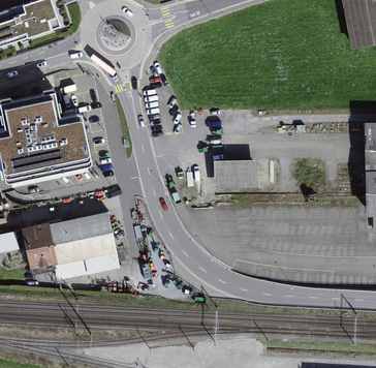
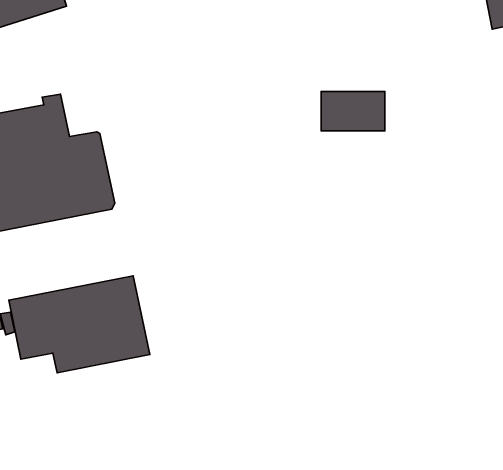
building: [216,159,259,186] -> [321,91,385,131]

